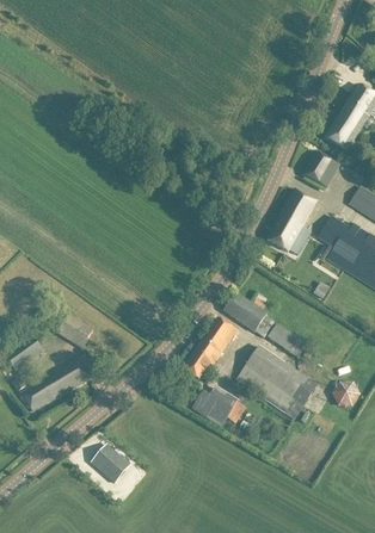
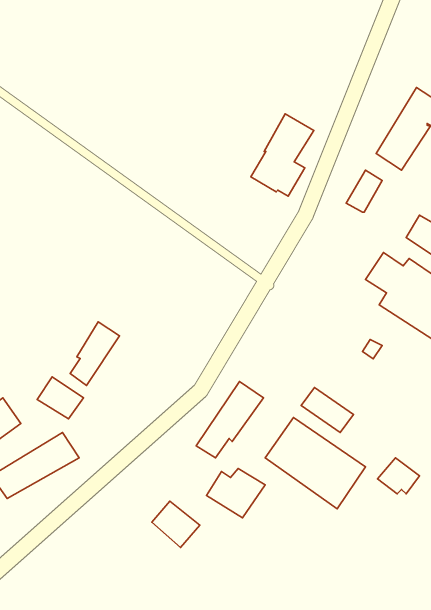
building: [268,190,318,255] -> [251,114,314,196]
building: none -> [70,322,120,385]
building: [223,293,266,333] -> none
building: [92,446,130,483] -> [152,501,200,548]

